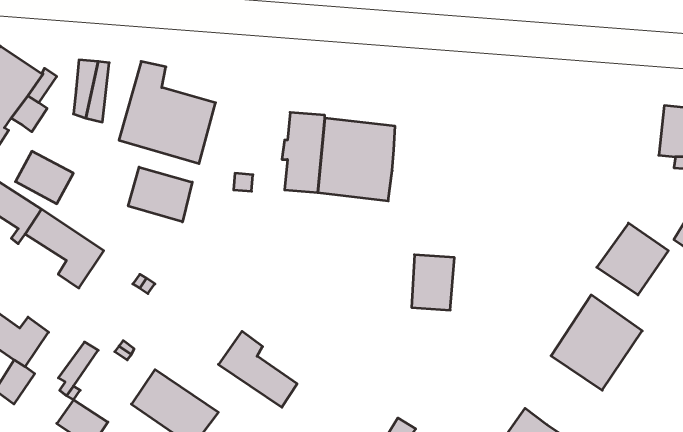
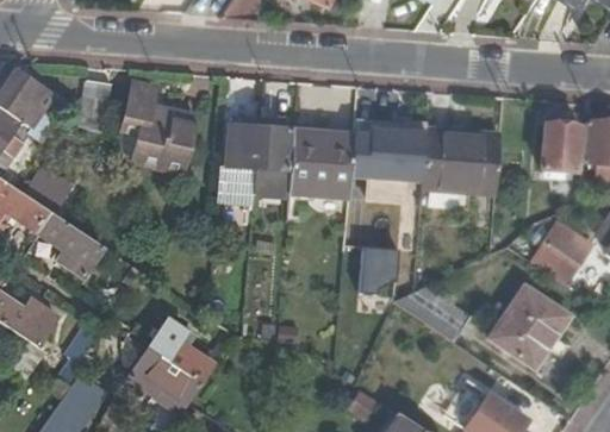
building: none -> [224,115,263,168]
building: none -> [351,118,413,205]
building: none -> [541,124,580,173]
building: none -> [421,129,502,202]
building: [128,167,192,222] -> none
building: none -> [394,288,467,342]
building: [218,331,297,407] -> [147,320,214,386]

